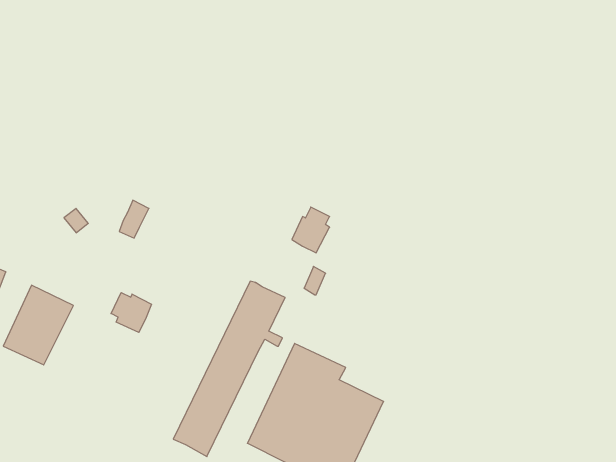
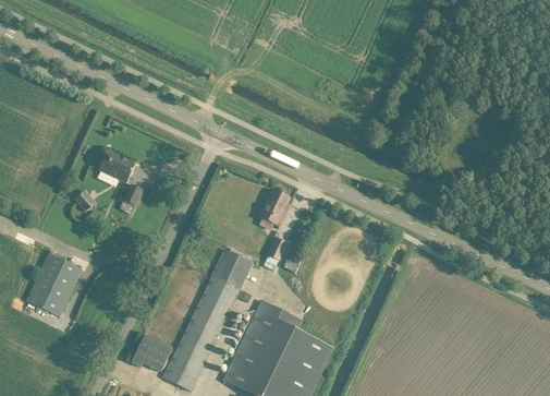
building: none -> [98,151,134,182]
building: [111,293,152,332] -> none
building: none -> [130,333,171,371]

